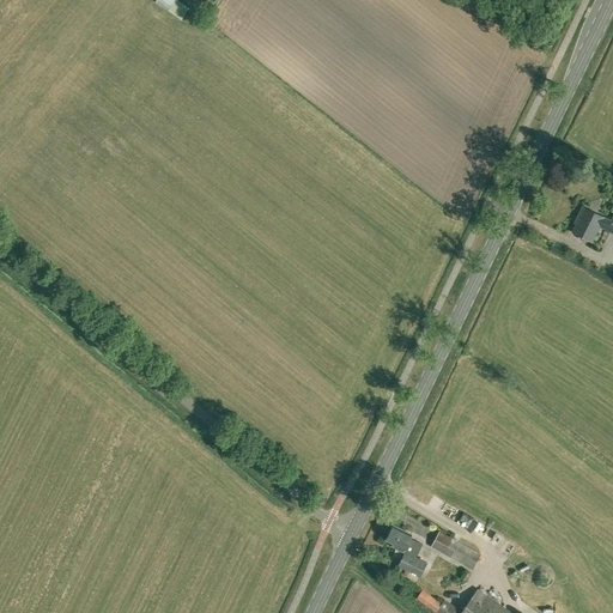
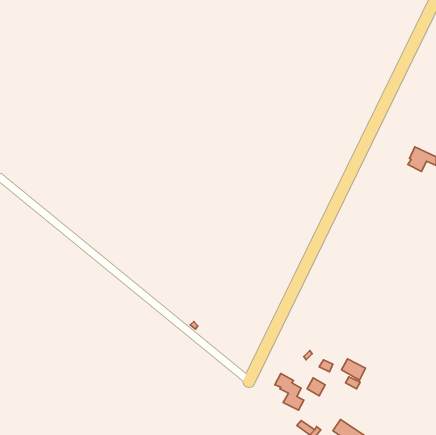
building: [448,541,481,571] -> [342,359,366,380]

